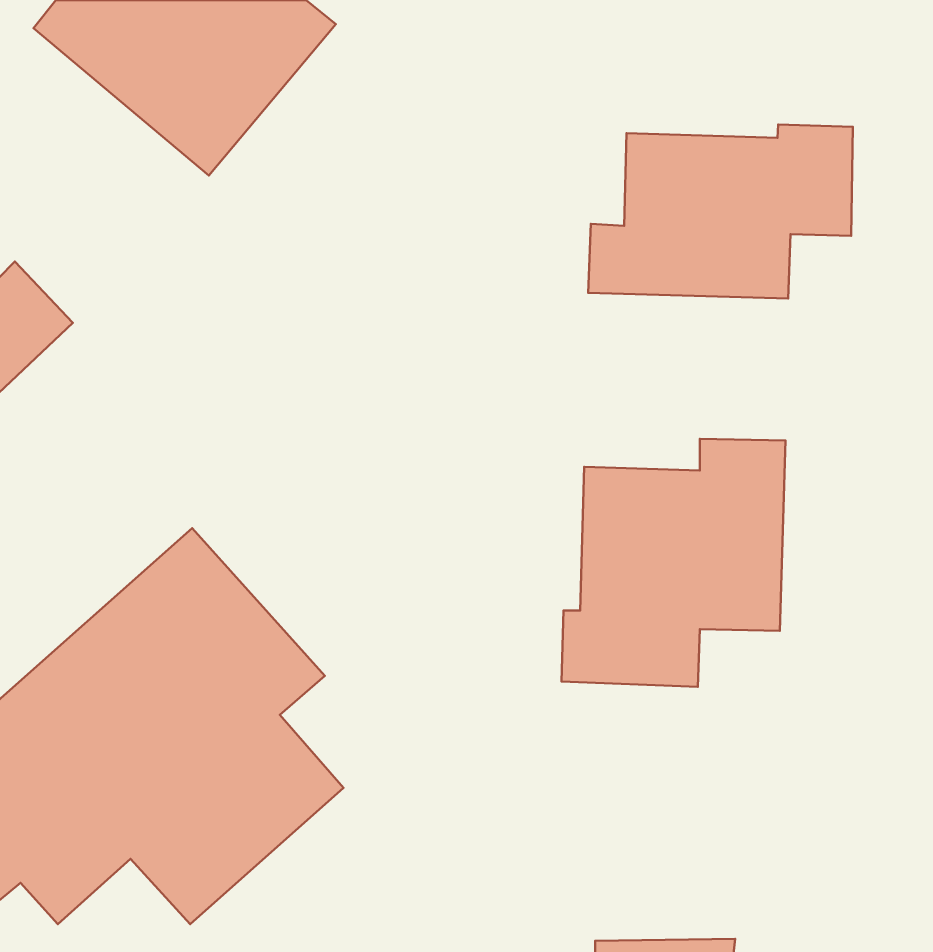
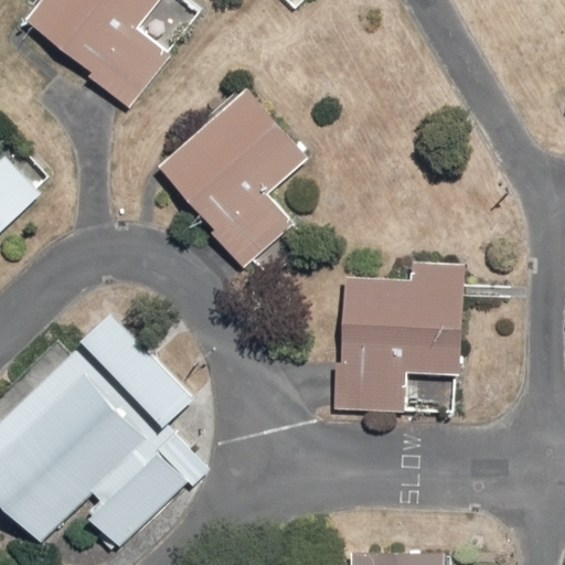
building: [588,124,853,299] -> none
building: none -> [157,86,310,269]

